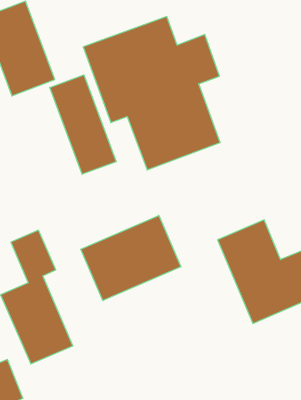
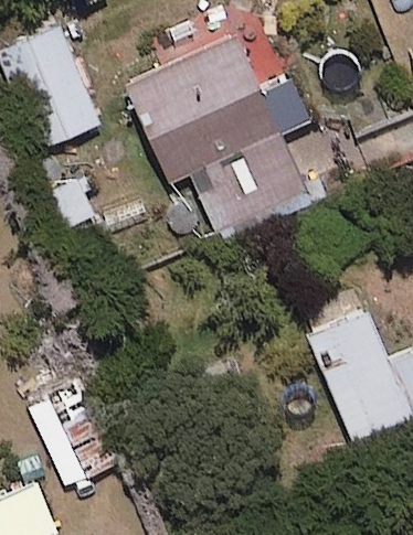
building: [50,75,116,174] -> none
building: [81,215,181,301] -> none

